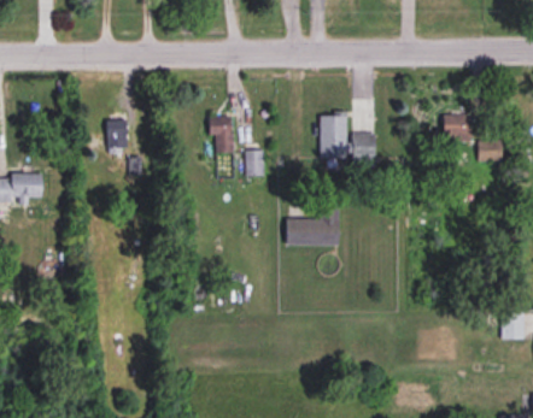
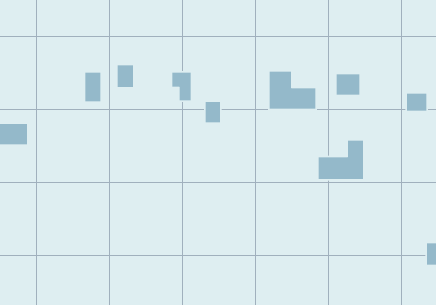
building: none -> [117,65,134,88]
building: [443,116,470,141] -> [336,74,360,96]
building: [287,200,340,246] -> [318,140,364,180]

